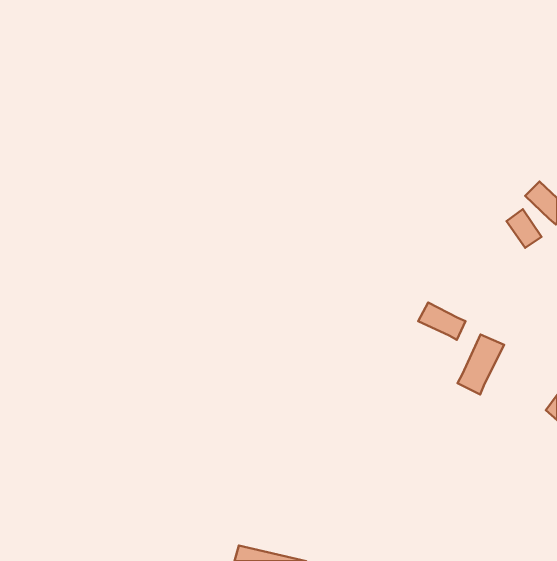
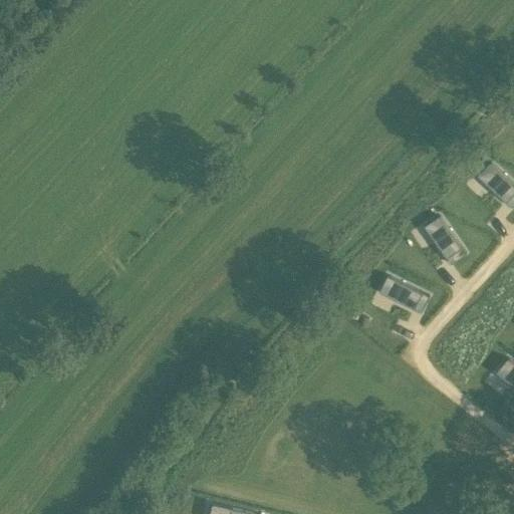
building: [506,209,542,248] -> [425,220,457,255]
building: [457,334,504,395] -> none

